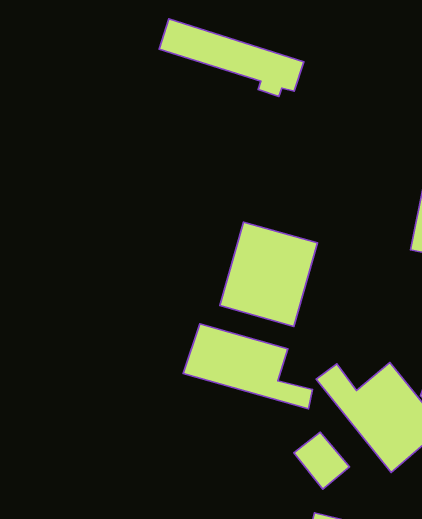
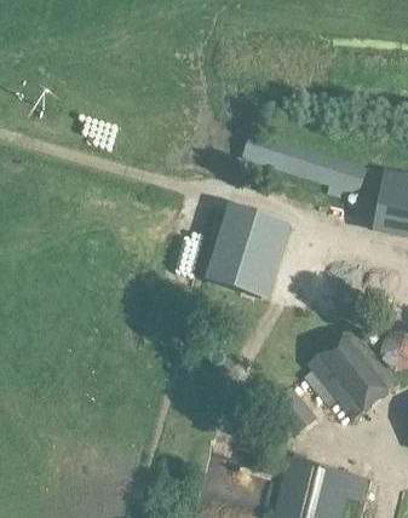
building: [159,19,304,97] -> [241,132,367,200]
building: [183,324,313,409] -> none

